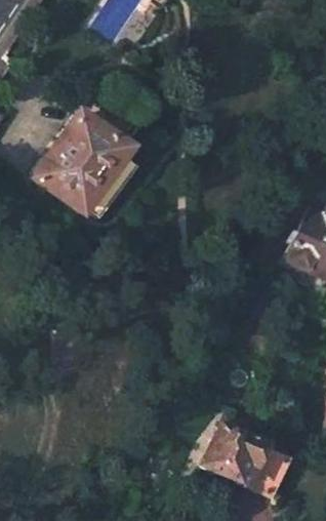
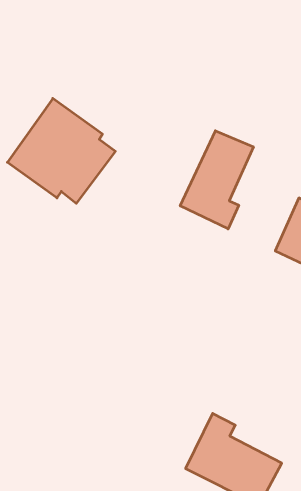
building: none -> [180,131,253,229]

